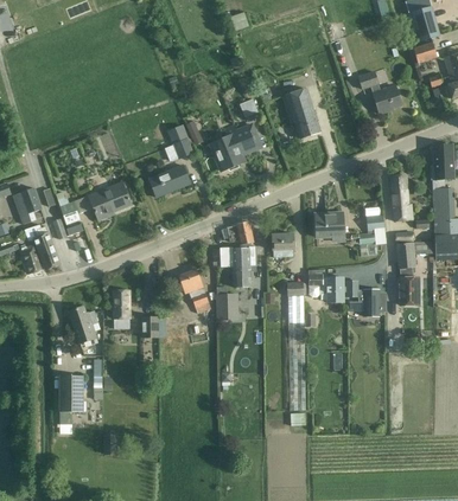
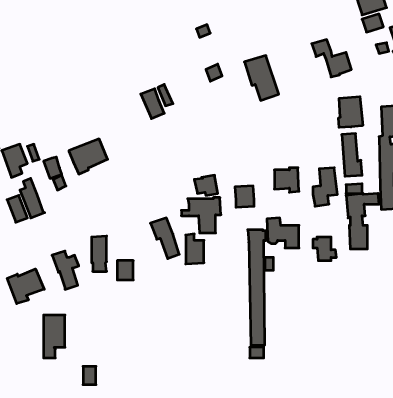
building: [210,124,261,171] -> none
building: none -> [339,97,363,127]
building: [148,165,190,197] -> none
building: none -> [7,269,44,304]

